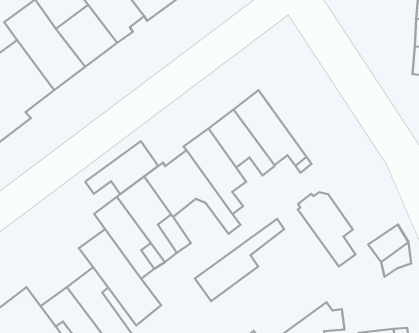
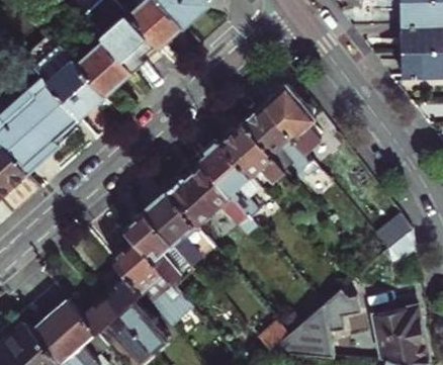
building: [85,141,158,194] -> none
building: [298,192,355,266] -> [264,86,320,152]
building: [195,219,284,301] -> none

